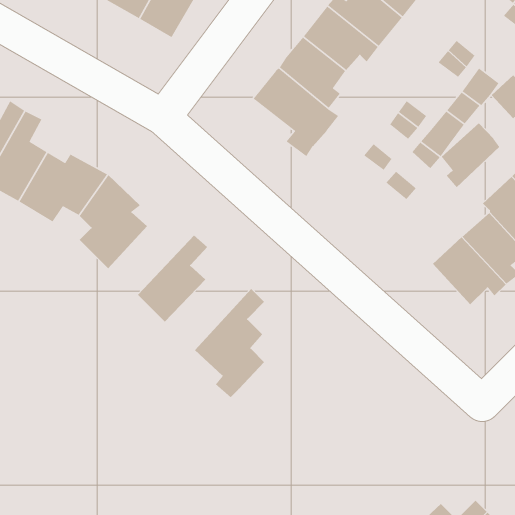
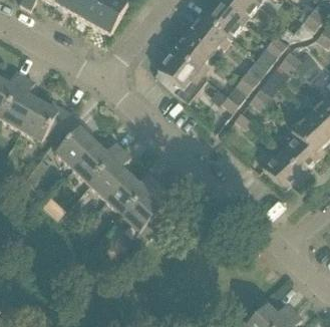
building: [441,122,500,188] -> none
building: none -> [73,141,123,184]
building: none -> [106,173,156,216]

